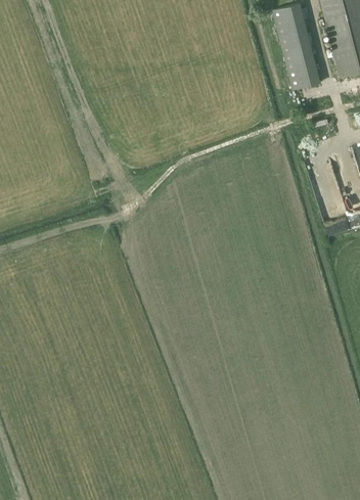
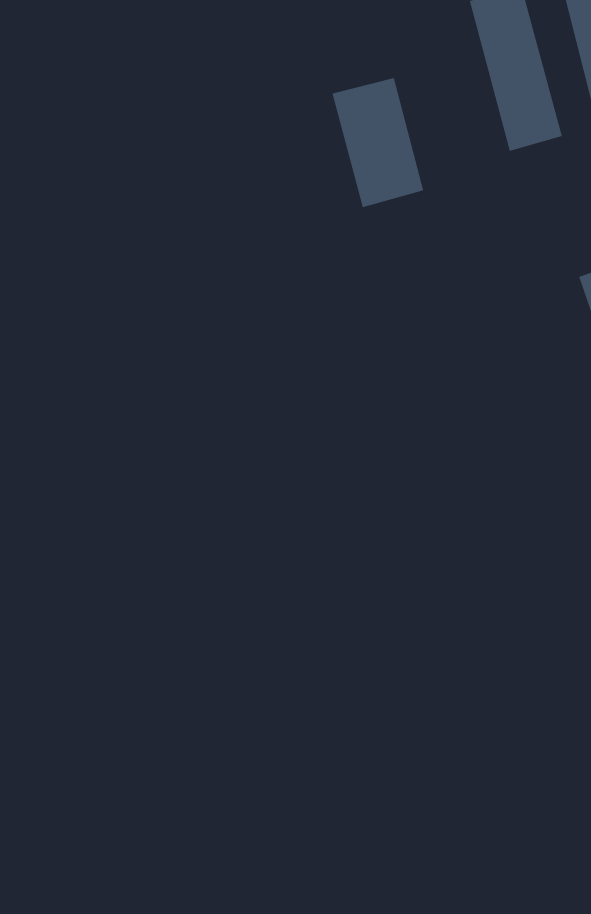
building: none -> [331,77,424,208]

